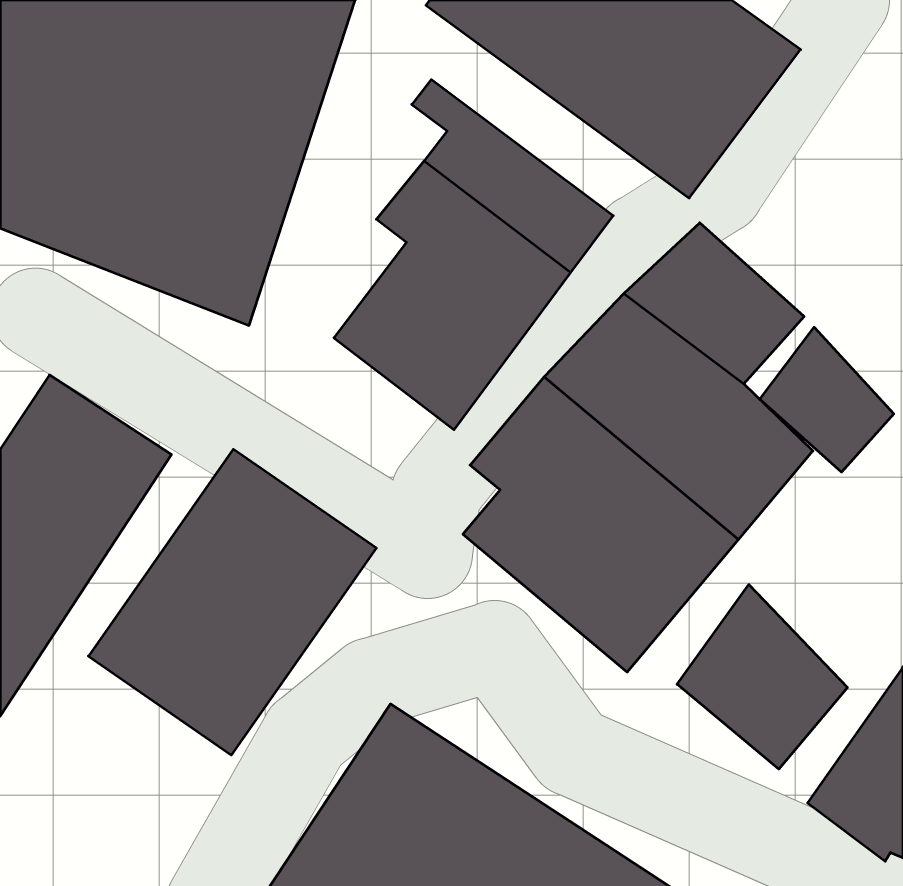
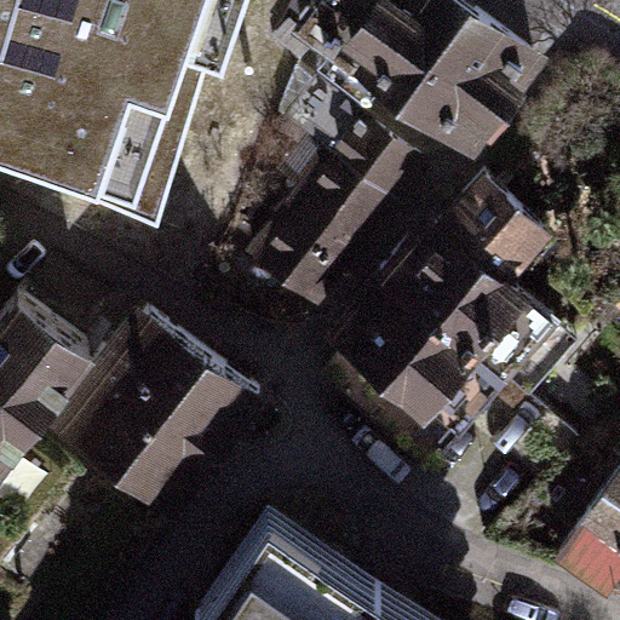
building: [760,327,894,472] -> none
building: [677,585,847,769] -> none

